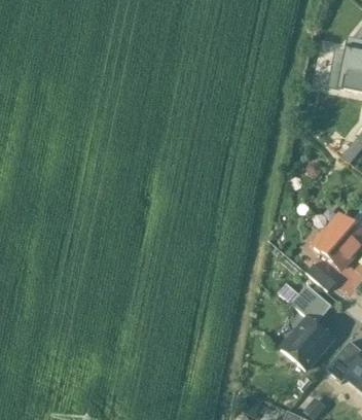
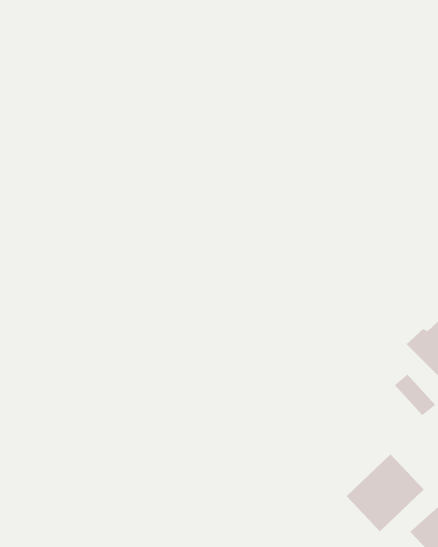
building: [291,283,331,323] -> none

